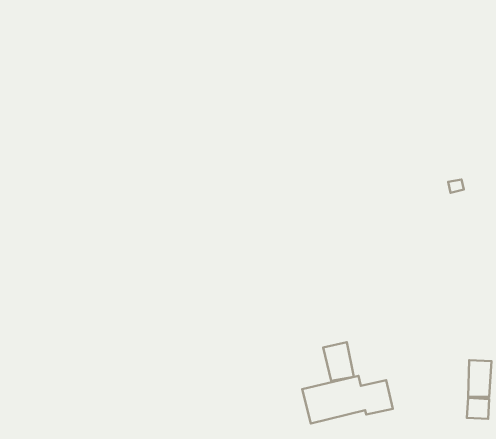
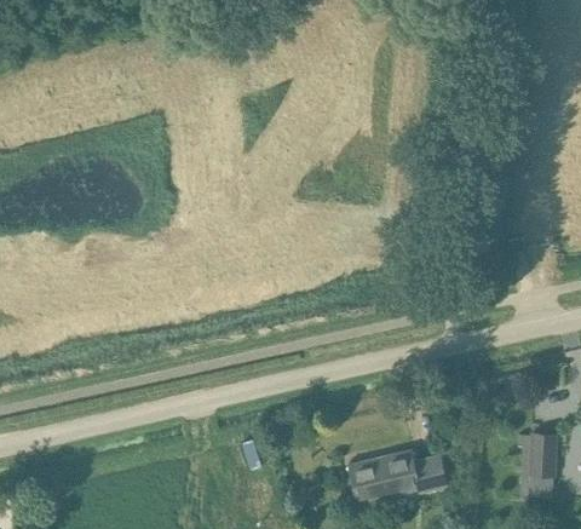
building: [323,342,354,381] -> none

